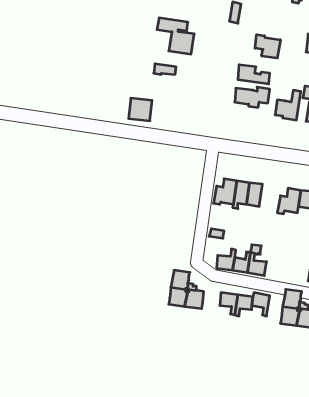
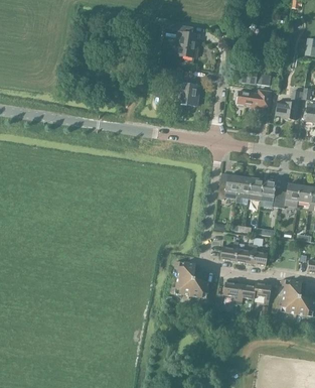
building: [255,35,280,58] -> none
building: [129,98,152,121] -> [176,83,198,104]
building: none -> [260,179,280,207]

